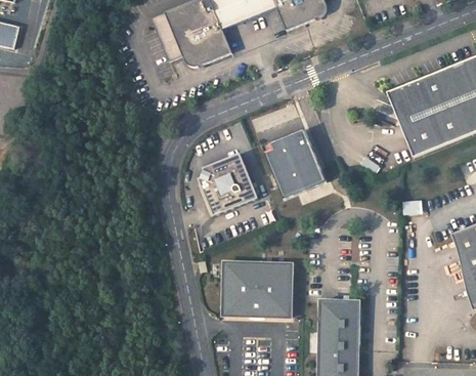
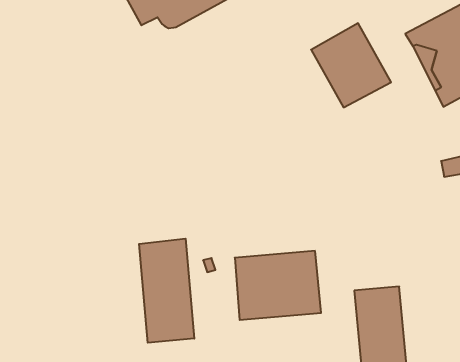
building: [263,128,327,197] -> [311,23,391,107]
building: [199,152,257,214] -> none
building: none -> [139,239,194,343]

